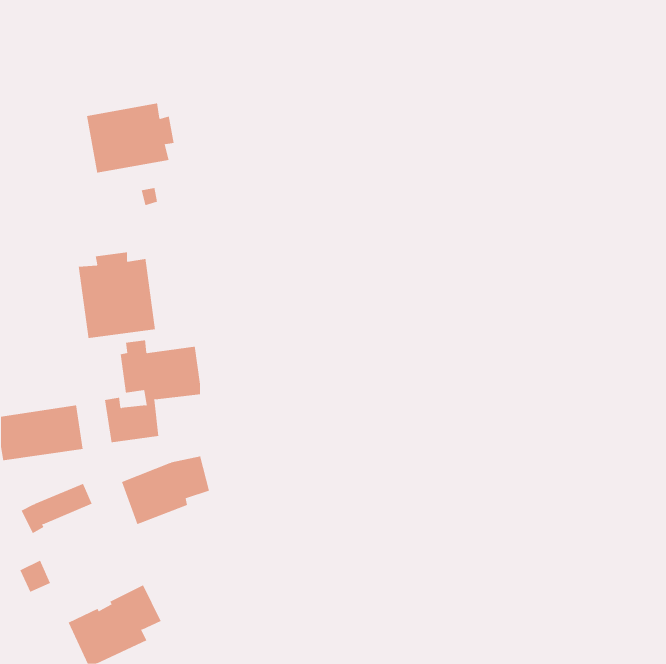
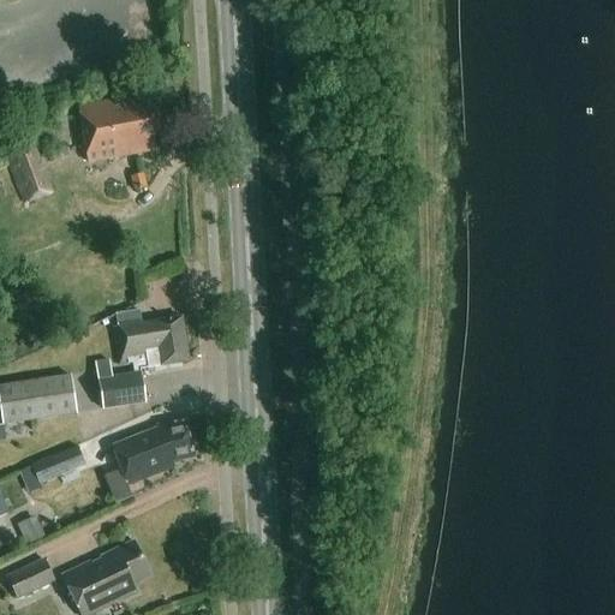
building: none -> [5,145,54,203]
building: [78,252,156,339] -> none
building: none -> [5,557,55,599]

